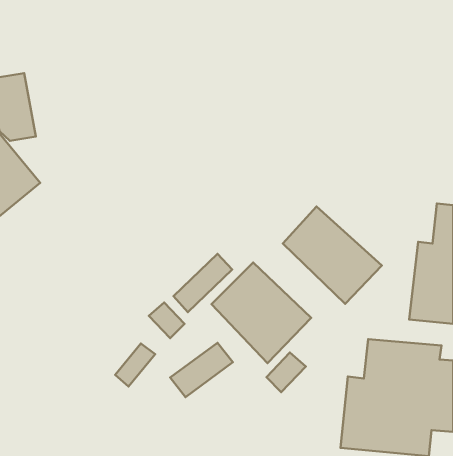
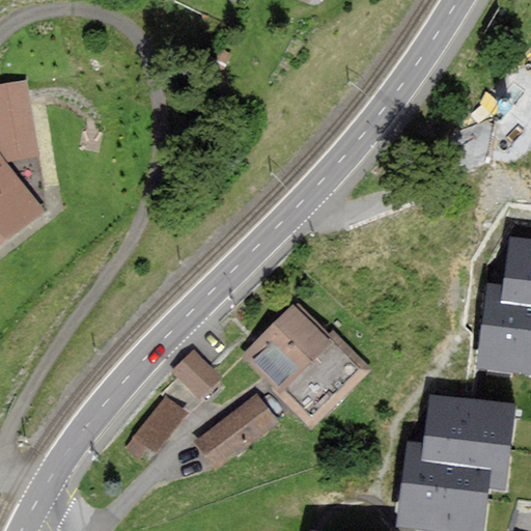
building: [283,207,382,304] -> none
building: [173,254,232,312] -> none
building: [266,353,306,392] -> none

